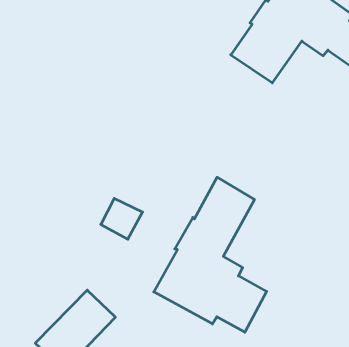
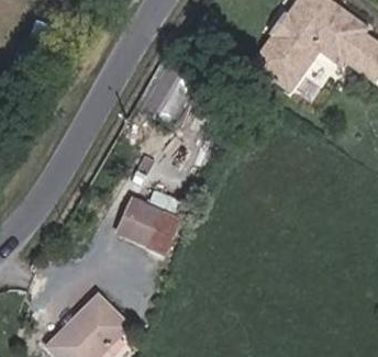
building: [154,177,267,332] -> none

